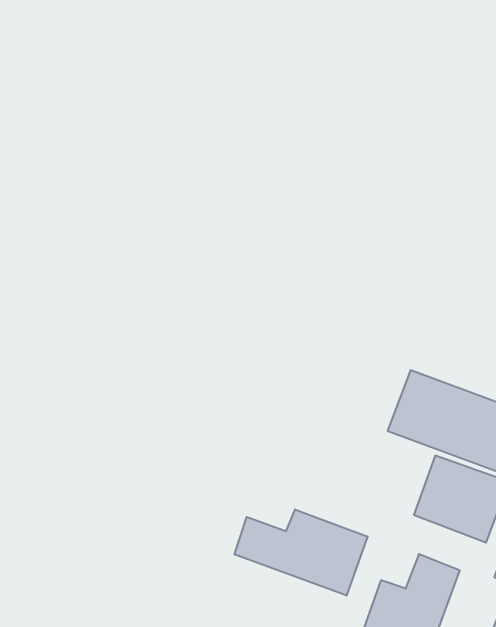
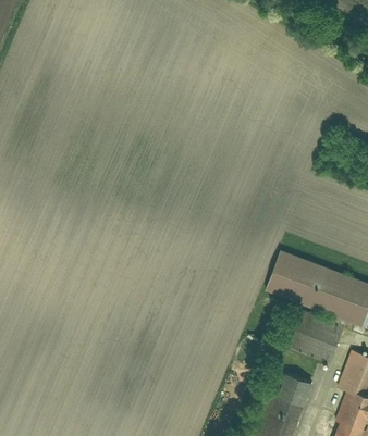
building: [235,509,368,596] -> none

